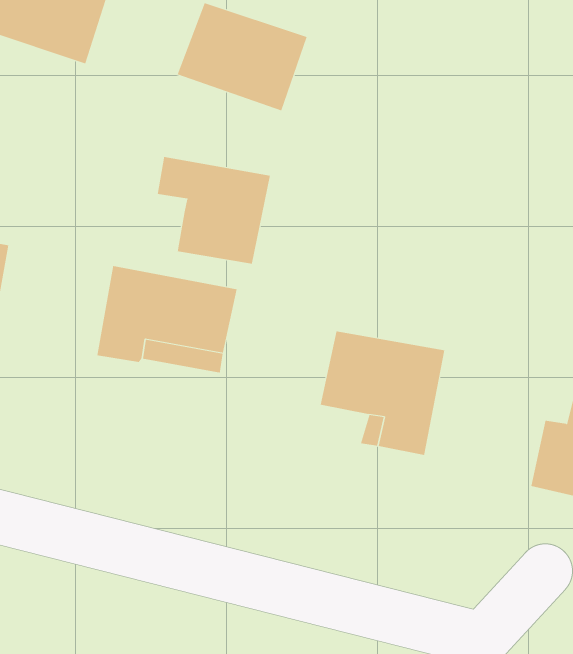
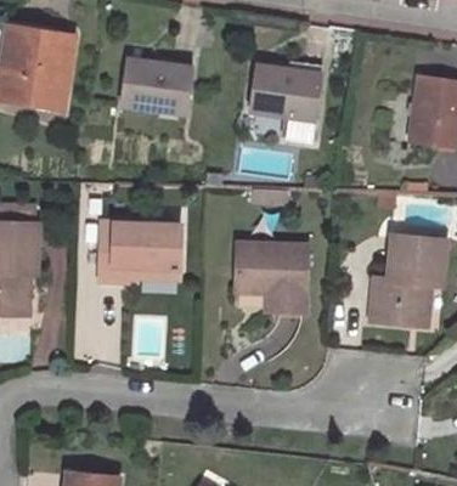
building: none -> [250,63,322,146]
building: [157,156,270,264] -> none

